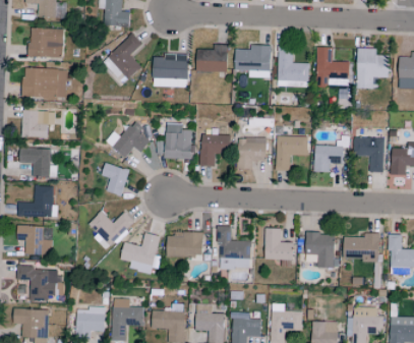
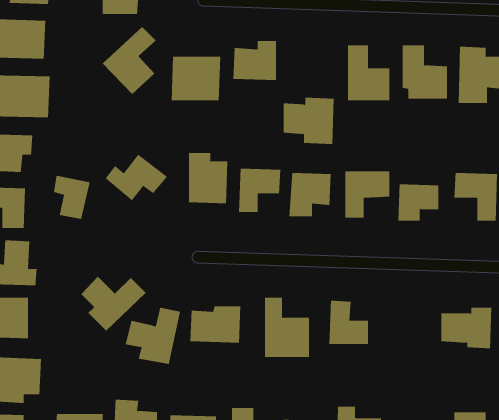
building: [235,45,272,78] -> [283,97,335,144]
building: [102,164,128,195] -> [53,175,90,219]
building: [305,233,339,268] -> none

